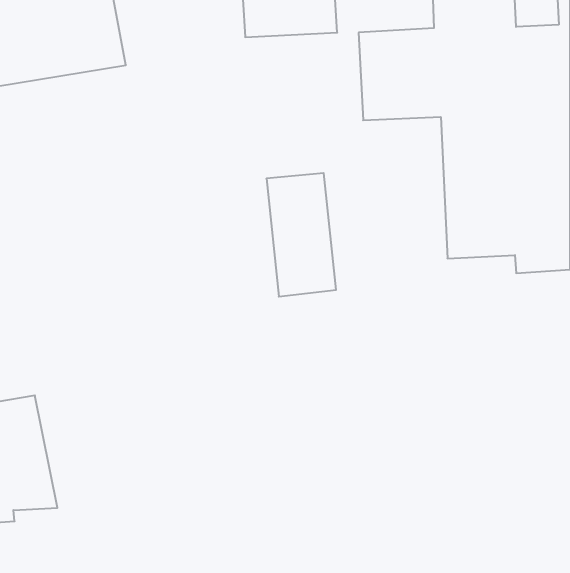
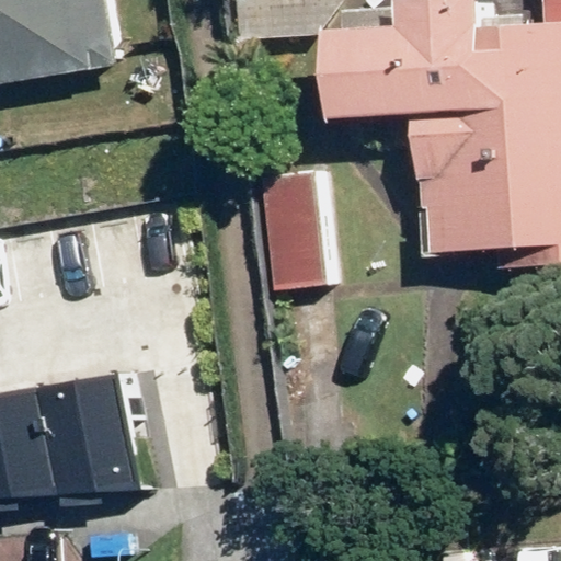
building: none -> [34,371,135,506]

